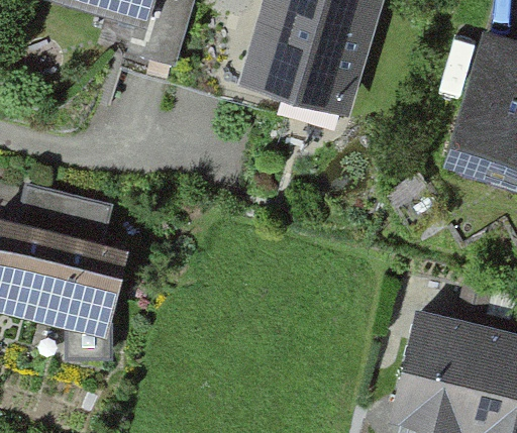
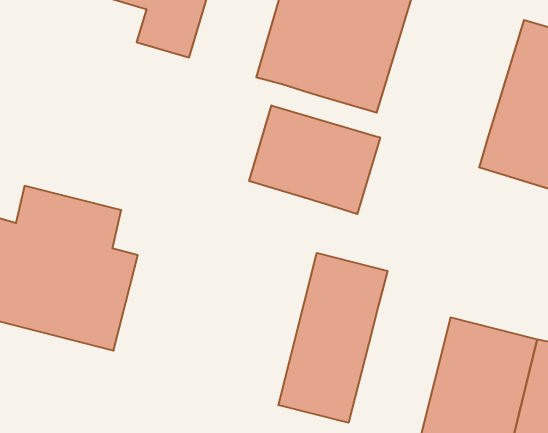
building: none -> [249,105,380,214]
building: none -> [278,253,388,423]

